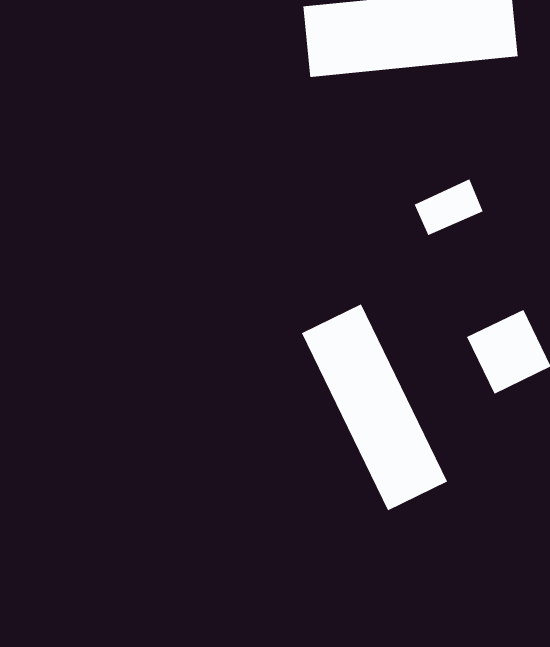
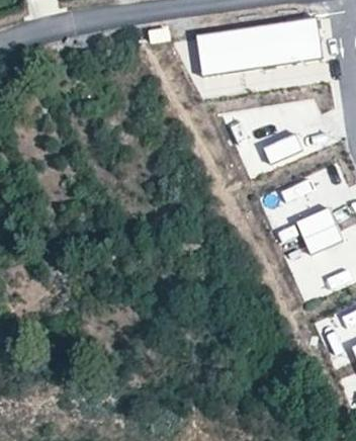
building: [301,304,448,511] -> none

